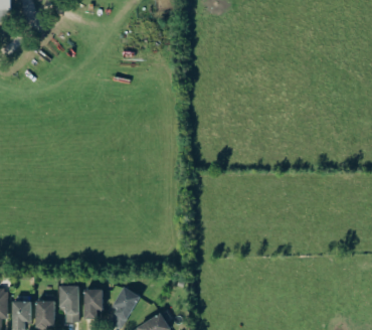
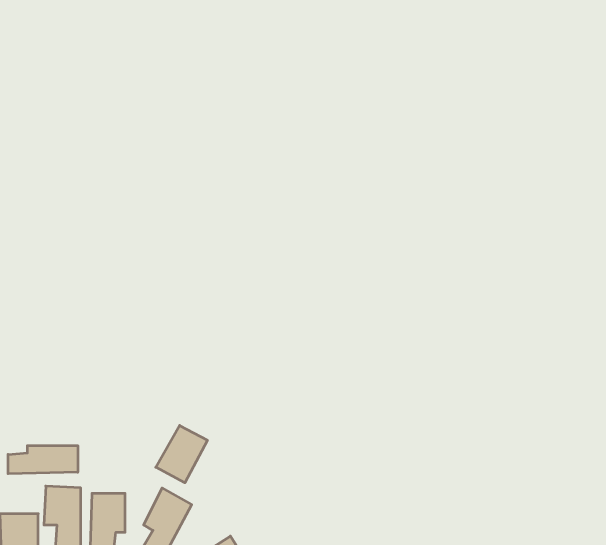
building: none -> [156,425,207,483]
building: none -> [8,446,78,474]

